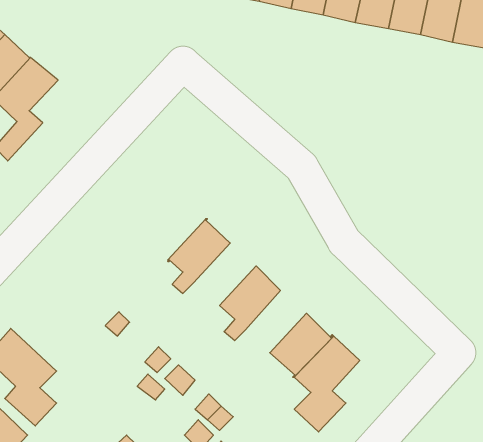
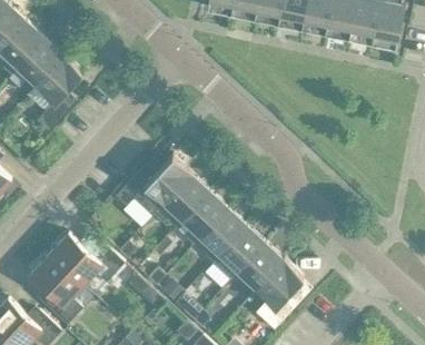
building: none -> [116,156,191,216]
building: none -> [182,191,228,245]
building: none -> [220,226,265,279]
building: none -> [49,234,125,285]

